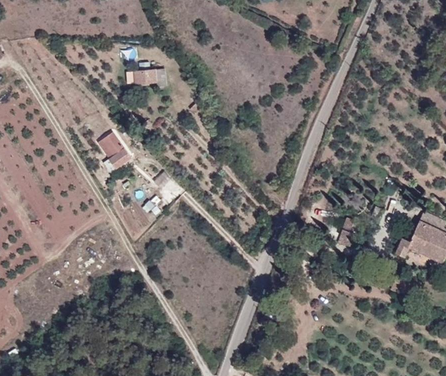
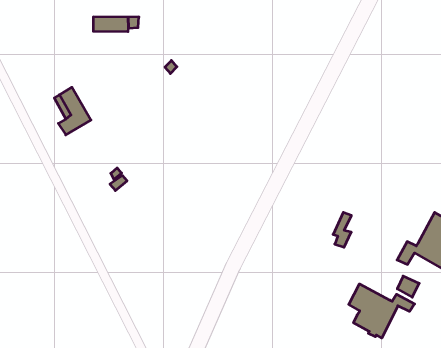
building: none -> [349,284,415,338]

